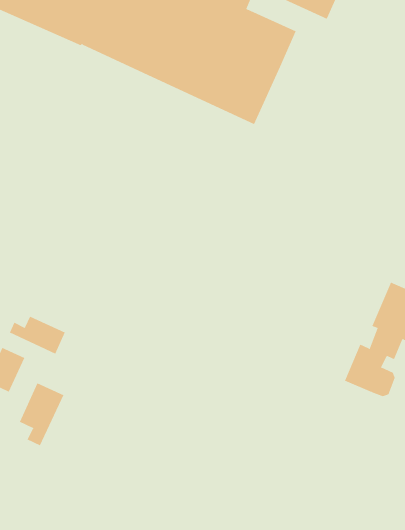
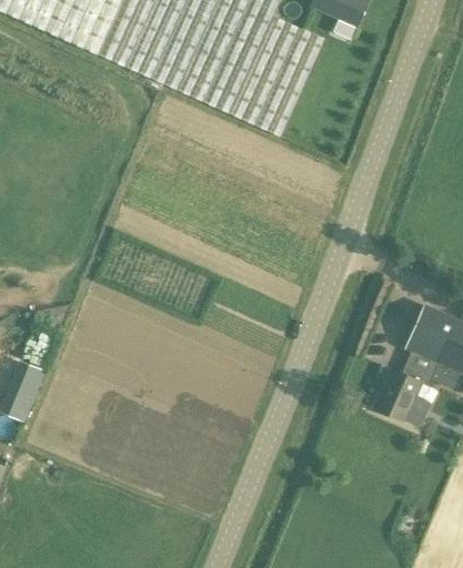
building: [9,316,66,354] -> none
building: [19,383,64,446] -> none

